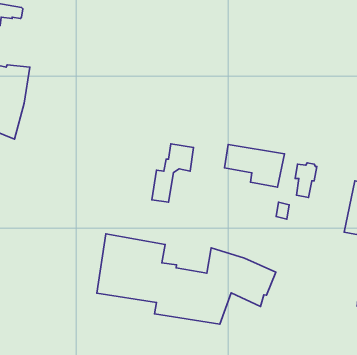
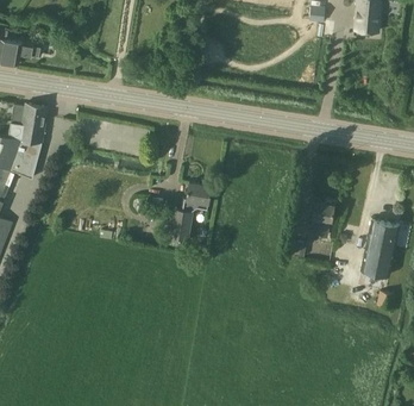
building: [225,144,284,187] -> none
building: [97,234,276,324] -> none

